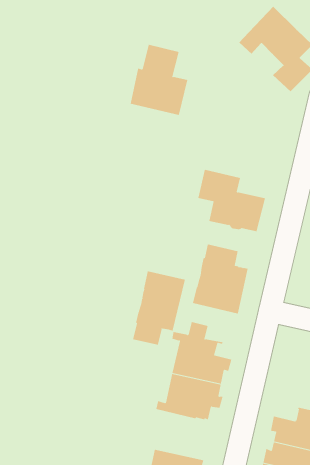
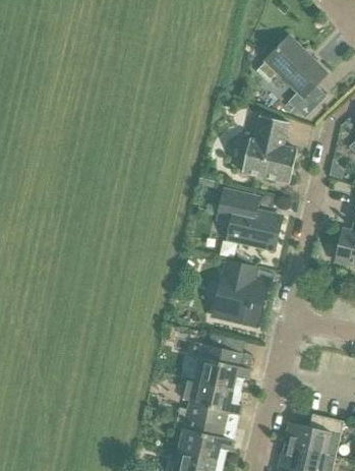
building: [130,44,188,116] -> [241,116,296,183]
building: [133,270,185,345] -> none
building: none -> [176,416,232,464]

